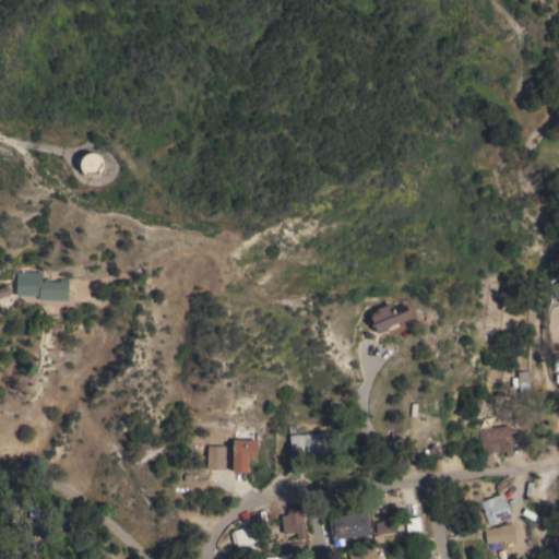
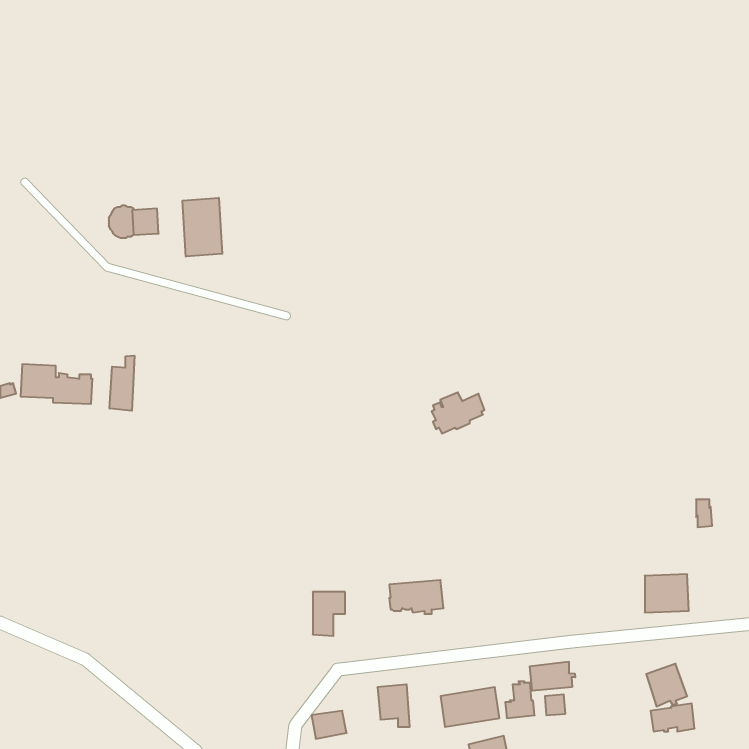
building: none -> [183,198,222,257]
building: none -> [110,356,134,411]
building: [371,304,411,334] -> [432,392,484,433]
building: [207,447,226,471] -> none
building: none -> [530,662,575,691]

